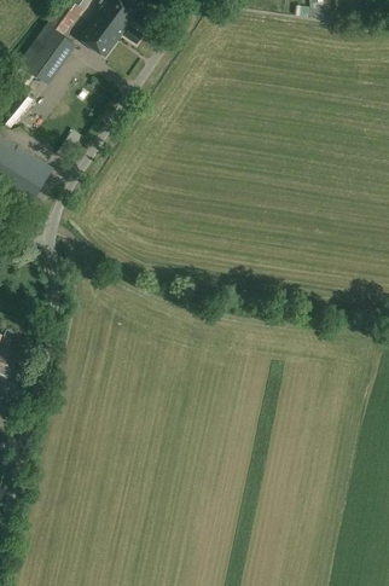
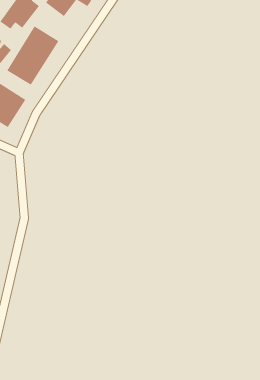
building: none -> [7,25,59,86]

